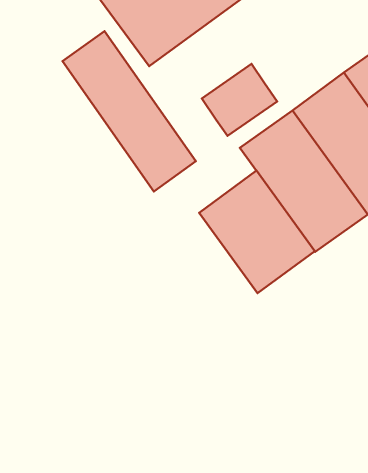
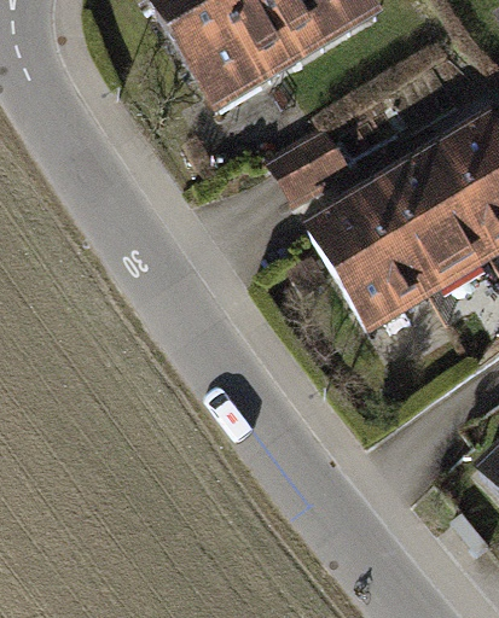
building: [63,31,196,192] -> none
building: [199,171,315,293] -> none

